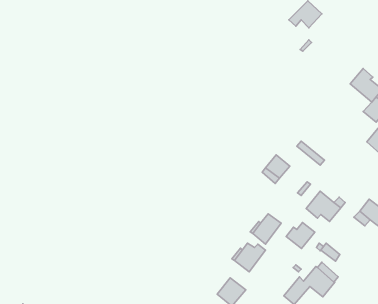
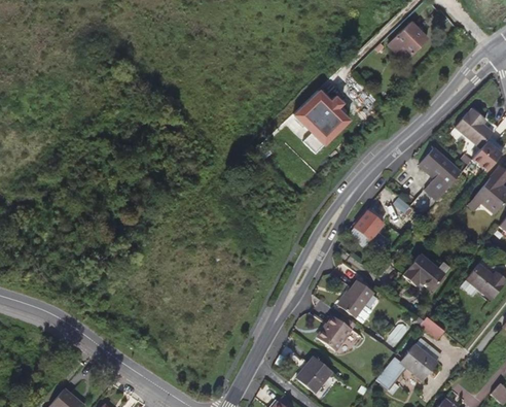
building: none -> [290,97,346,162]
building: none -> [420,147,461,200]
building: [286,222,315,249] -> none

